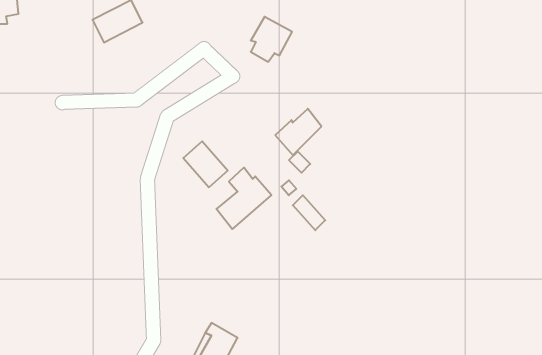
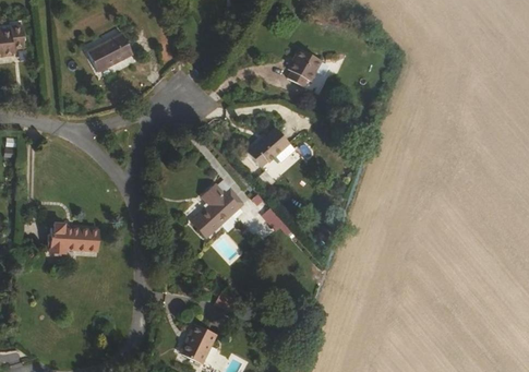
building: [251,17,292,62] -> [288,49,324,88]
building: [183,141,228,187] -> none
building: none -> [56,220,104,253]

